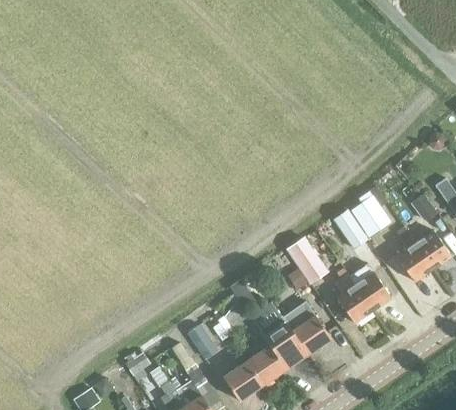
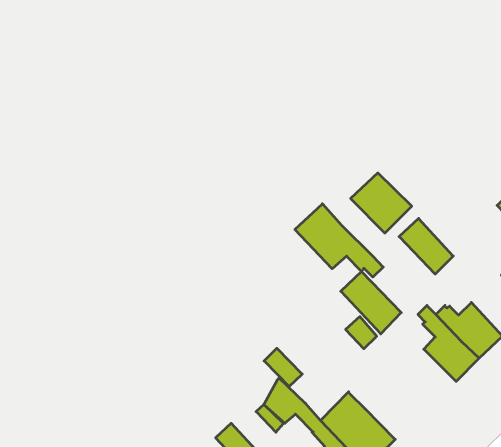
building: none -> [295,204,383,277]
building: [350,195,390,236] -> [351,173,412,233]
building: [283,303,331,354] -> none

